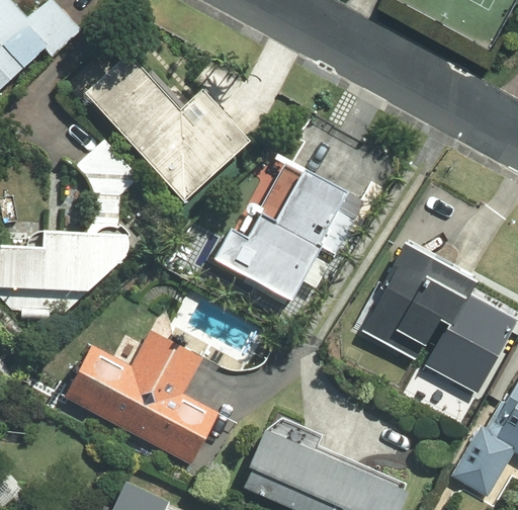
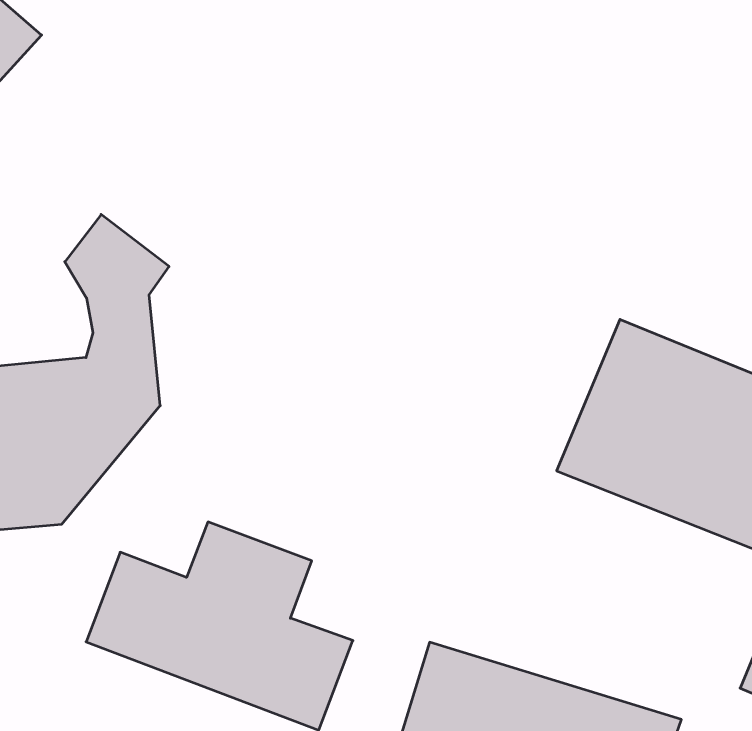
building: [86,55,262,205] -> none
building: [214,161,352,302] -> none

